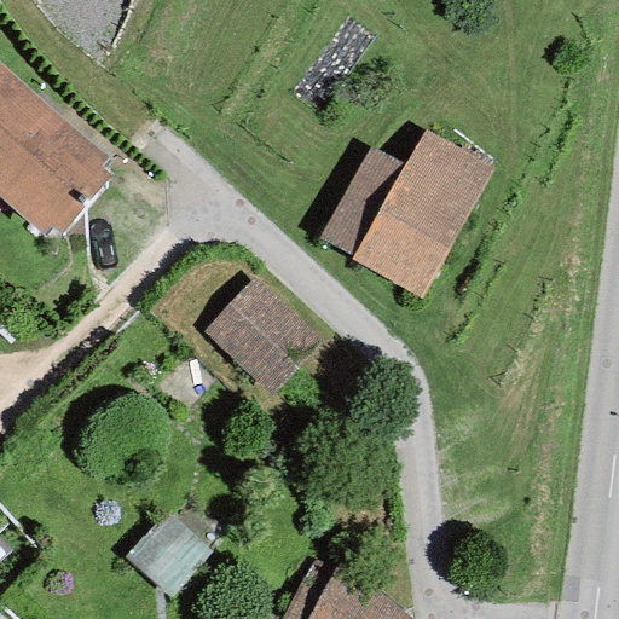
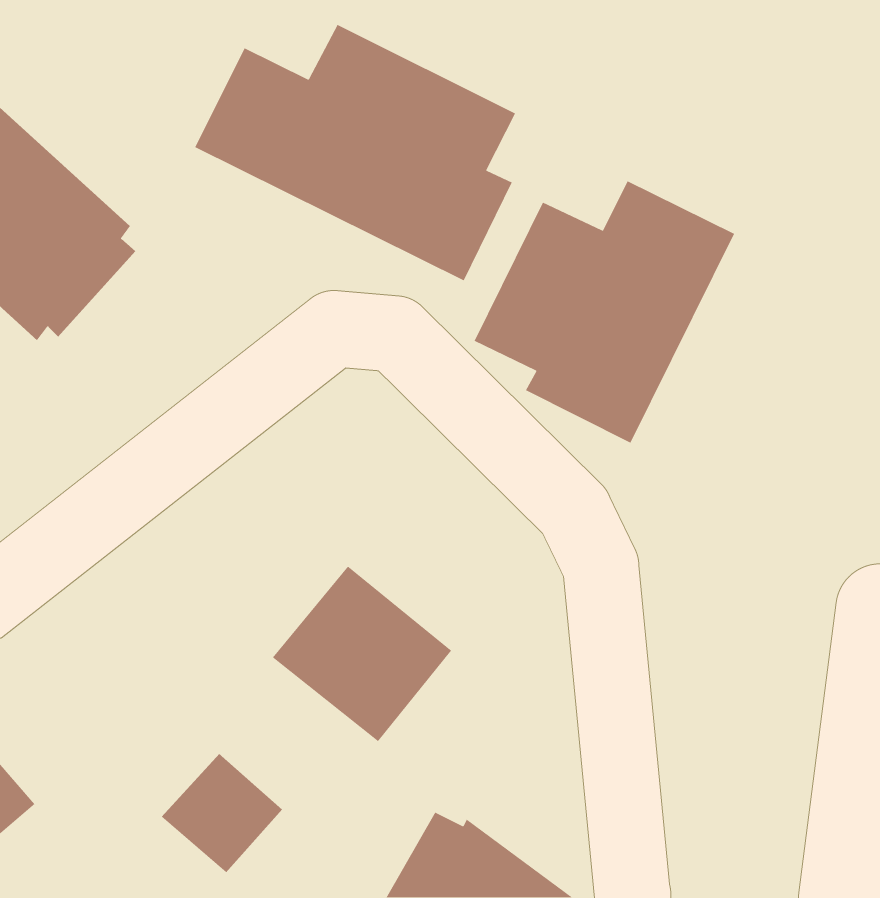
building: none -> [194,24,516,282]
building: [206,273,329,394] -> [272,566,452,742]

